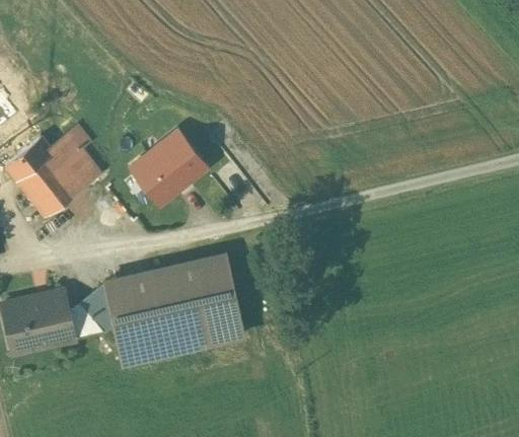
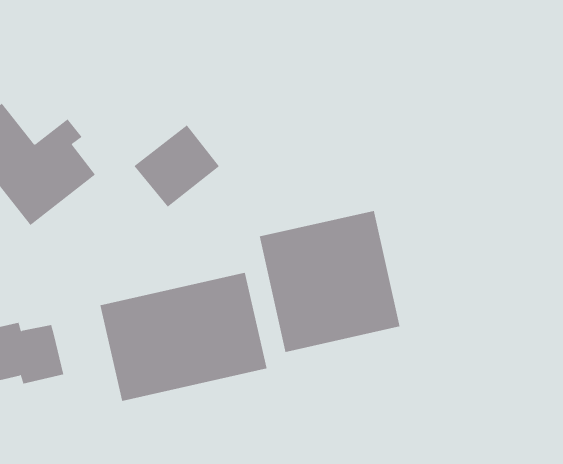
building: none -> [259,210,400,353]
building: [66,295,113,338] -> none

